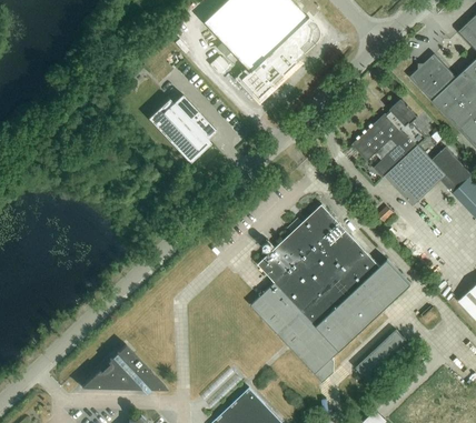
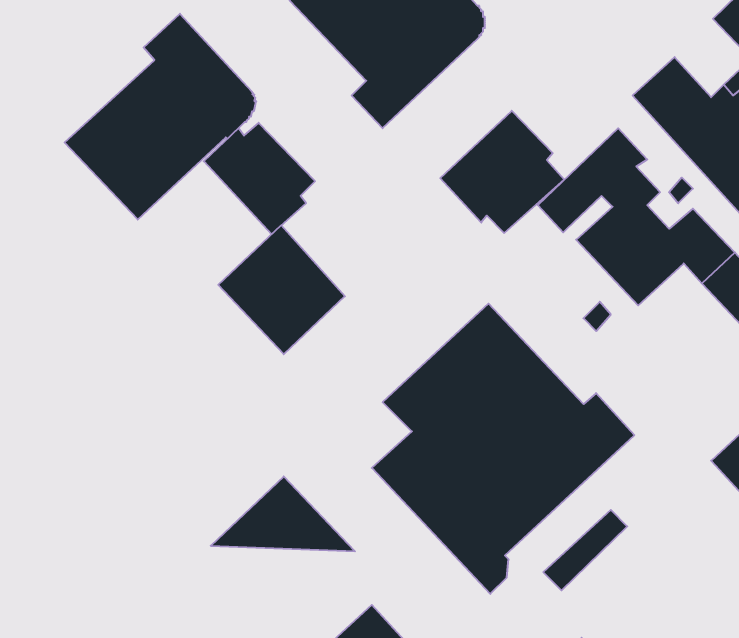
building: none -> [65,14,256,220]
building: none -> [440,111,564,233]
building: none -> [218,225,345,354]
building: [80,345,168,391] -> [211,476,355,551]

